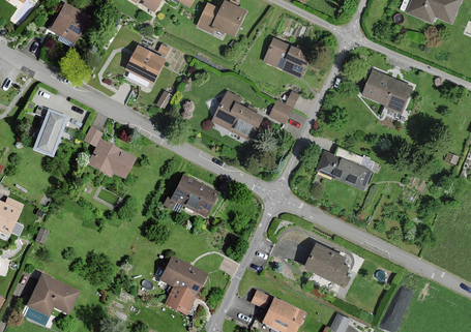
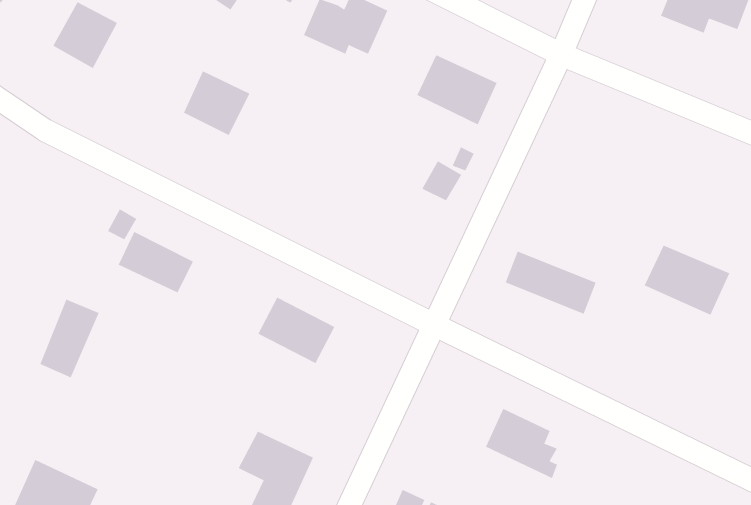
building: [363,71,414,113] -> [644,245,730,316]
building: [211,91,262,139] -> none
building: [34,112,69,158] -> [39,299,99,378]

